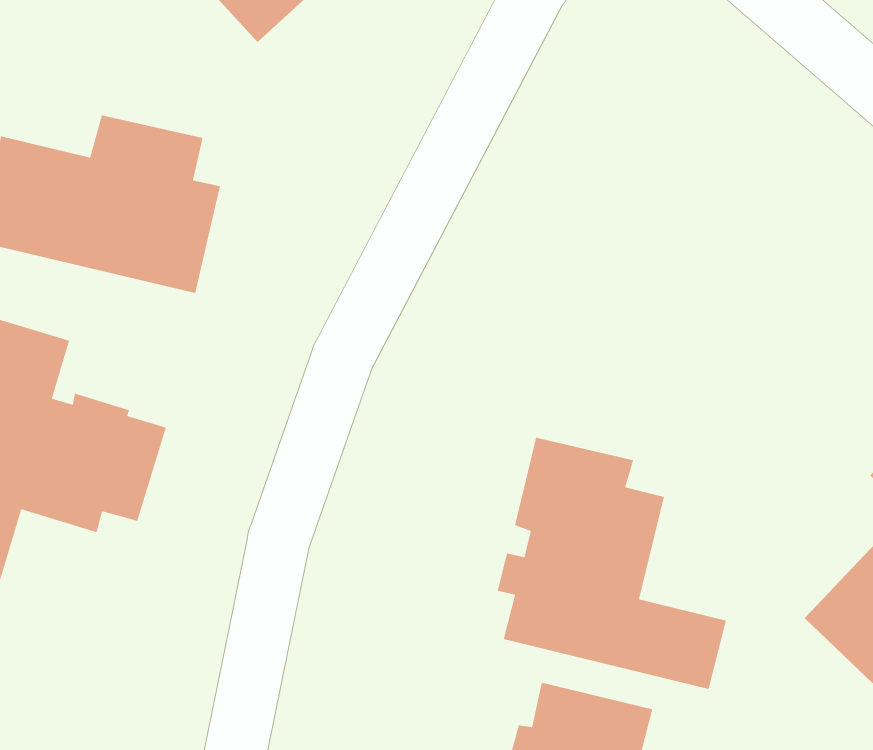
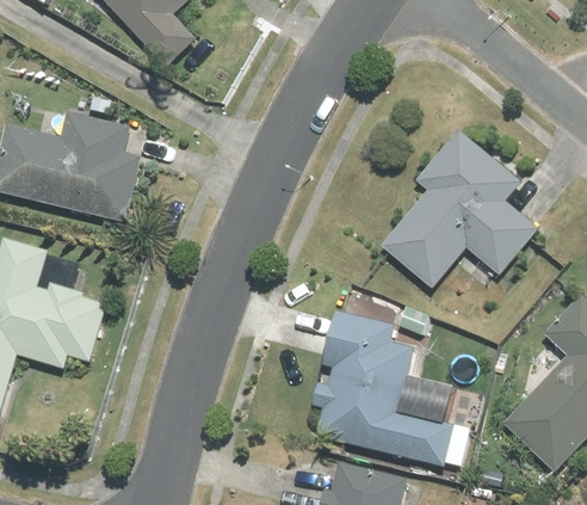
building: none -> [381,128,538,287]

